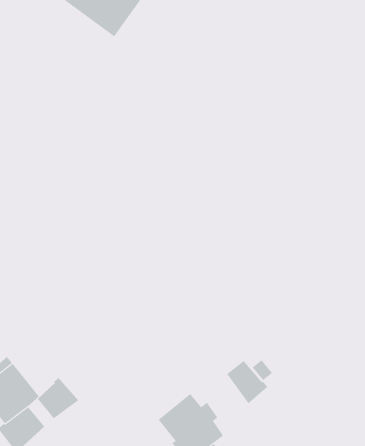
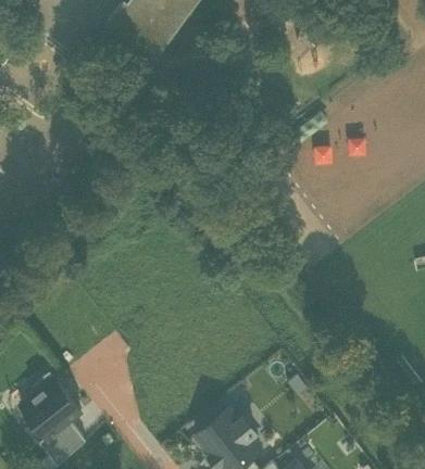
building: [227,360,268,404] -> none
building: [37,377,79,419] -> none

